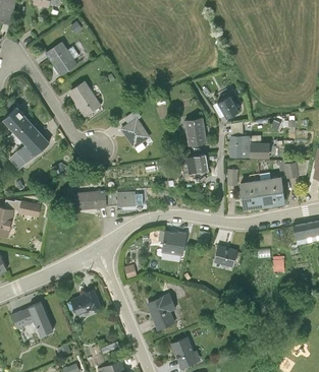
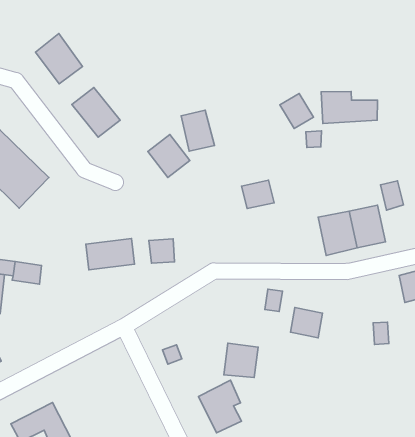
building: [184,116,207,144] -> [181,110,215,151]
building: [230,134,270,157] -> [321,92,377,123]
building: [161,230,187,255] -> [224,343,258,377]
building: [70,290,101,316] -> none

